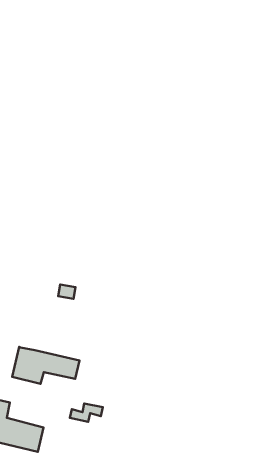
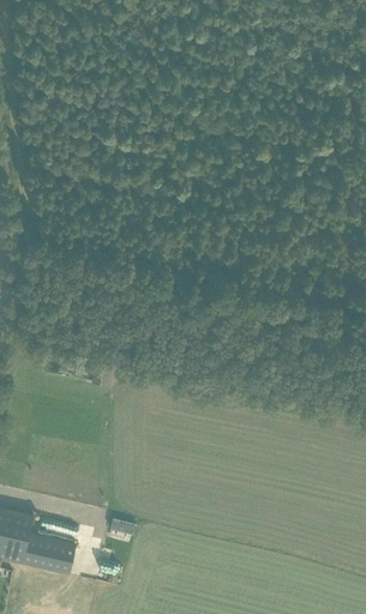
building: [12,347,79,384] -> none

